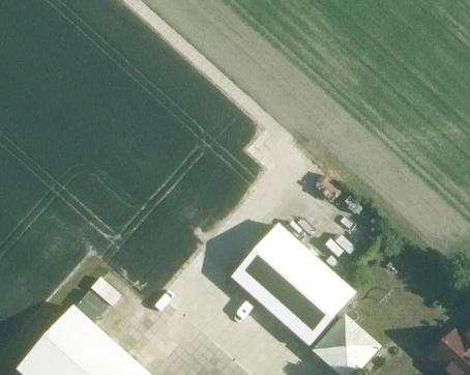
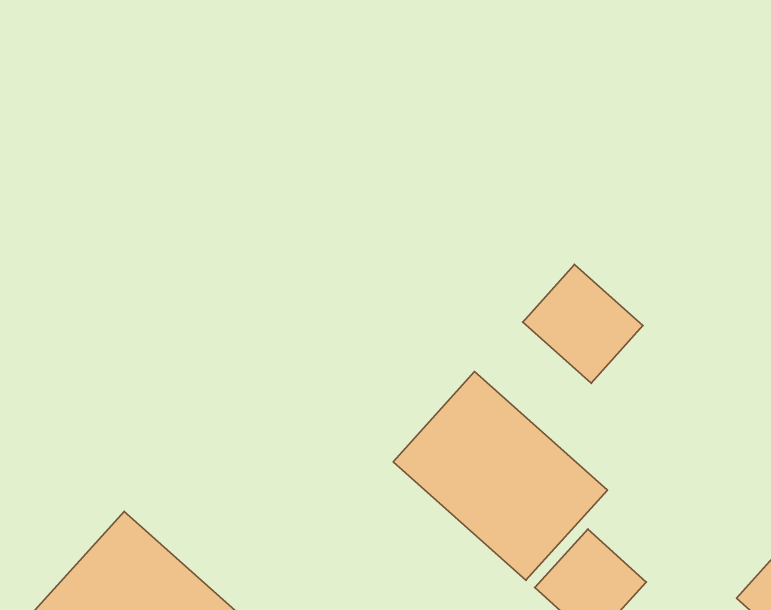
building: none -> [523,264,643,383]

